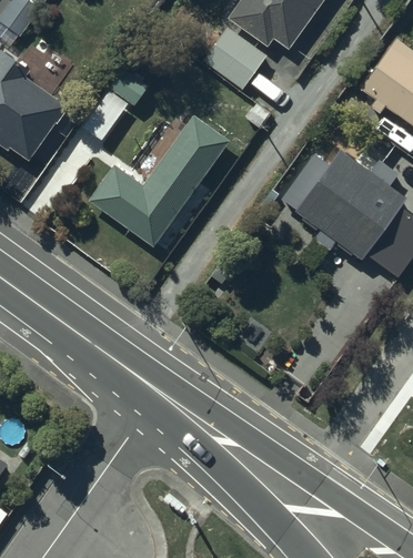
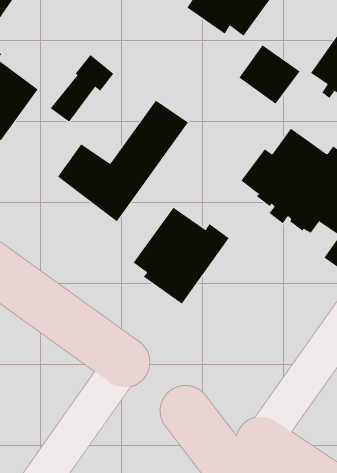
building: [202,27,269,91] -> [238,44,301,105]
building: none -> [133,207,230,305]

